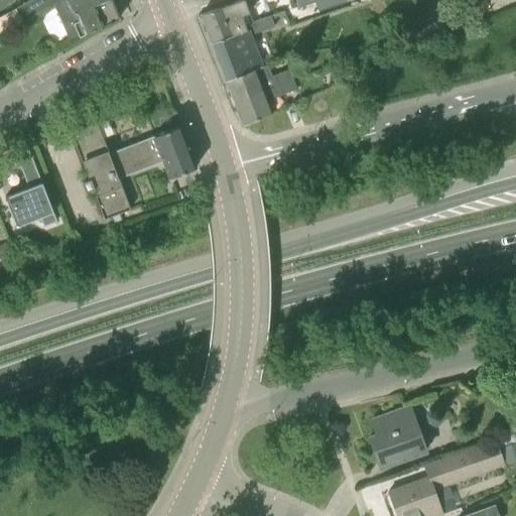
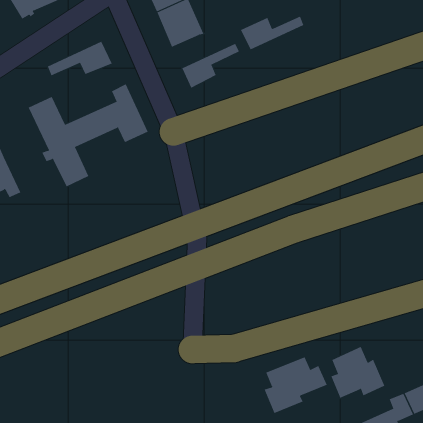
building: none -> [47,41,113,76]
building: [226,69,293,102] -> [240,16,304,50]
building: none -> [264,356,327,414]

